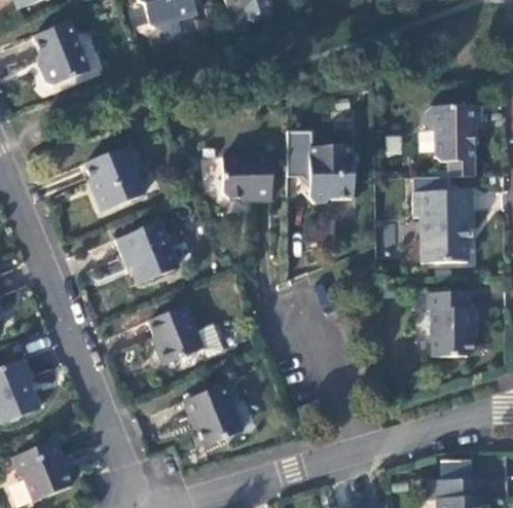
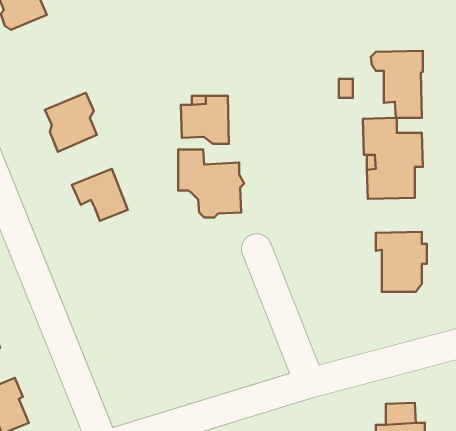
building: [289,135,357,205] -> [178,150,244,218]
building: [148,307,219,361] -> none
building: [184,386,240,446] -> none

